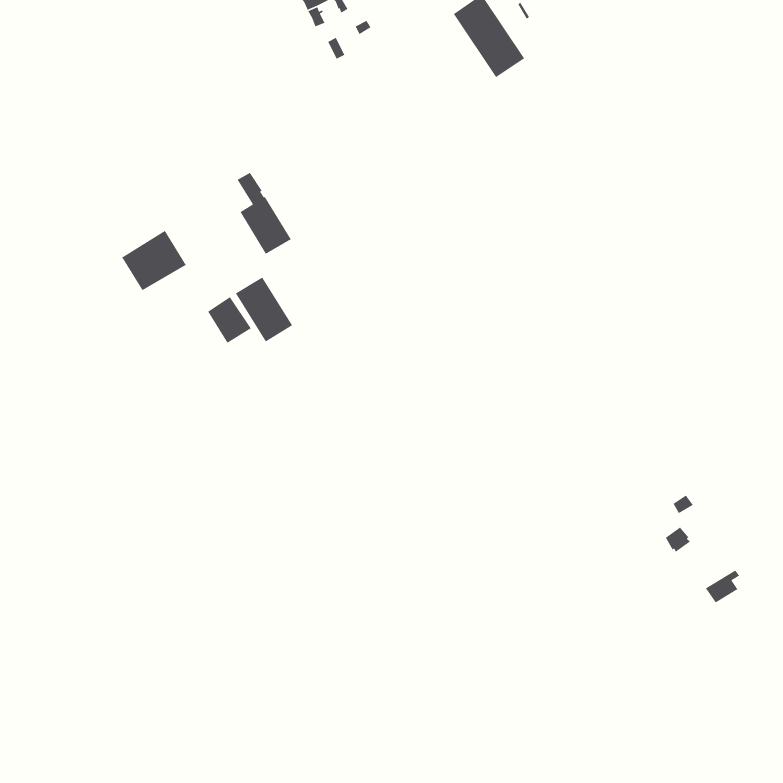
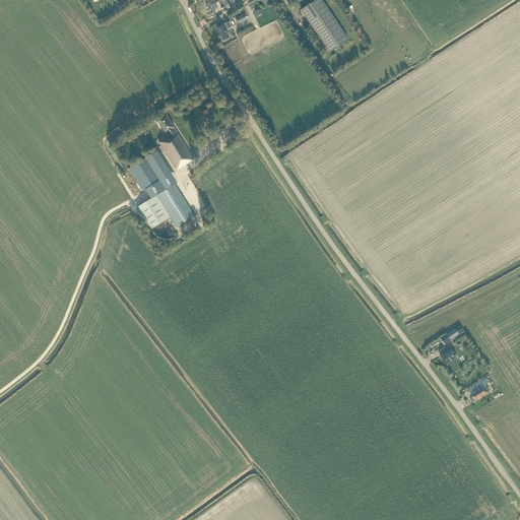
building: [121,230,187,291] -> [127,149,171,190]

